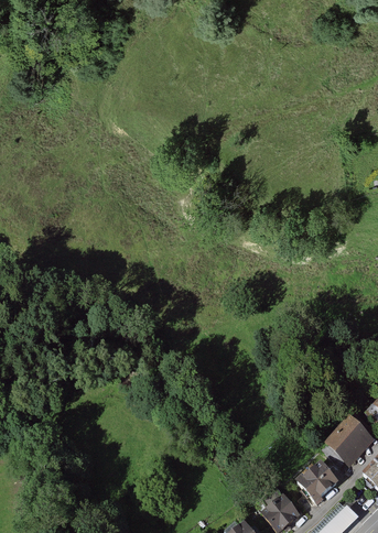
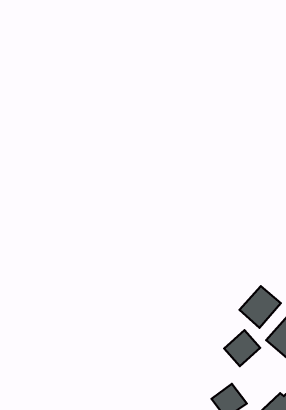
building: none -> [240,286,281,328]
building: [296,461,339,504] -> [224,330,260,366]

